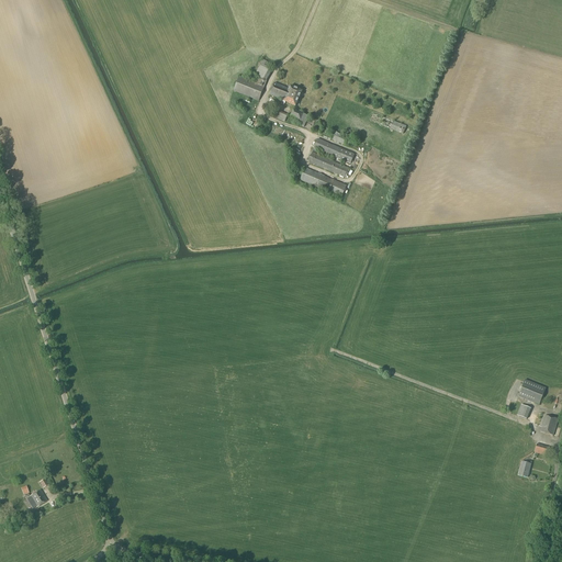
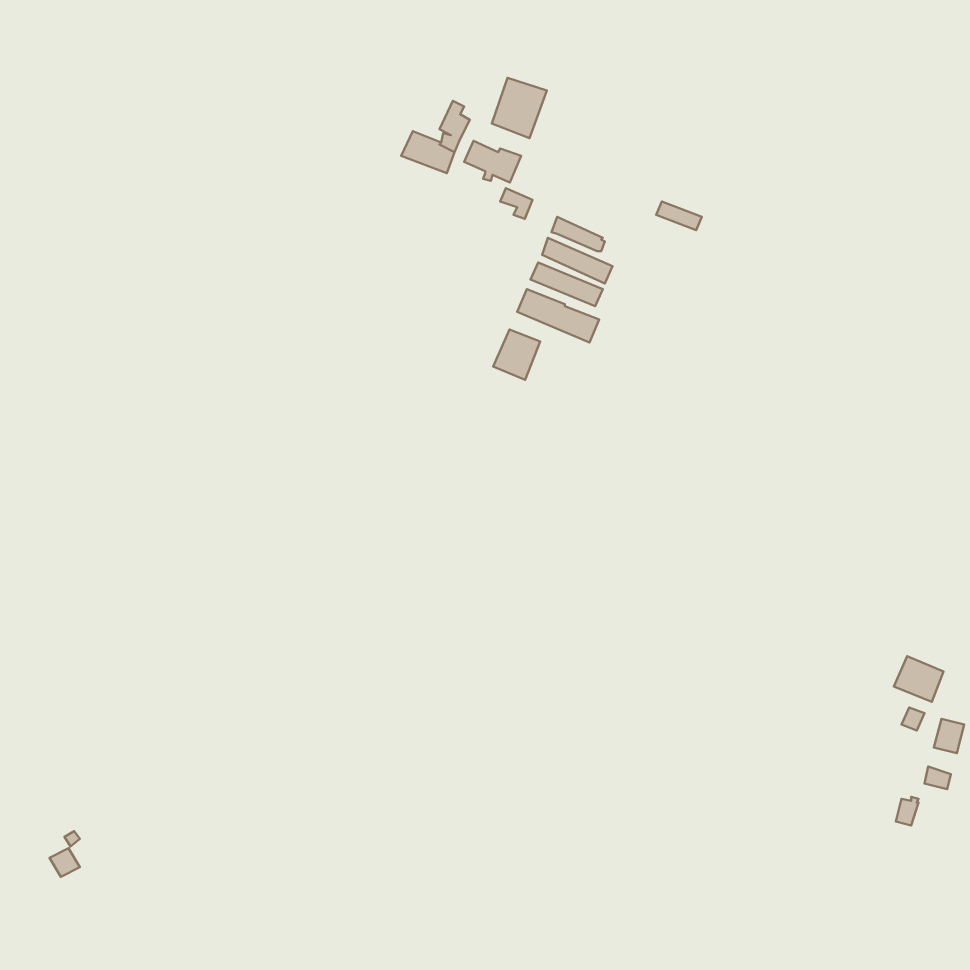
building: none -> [492,78,547,138]
building: none -> [493,329,540,380]

